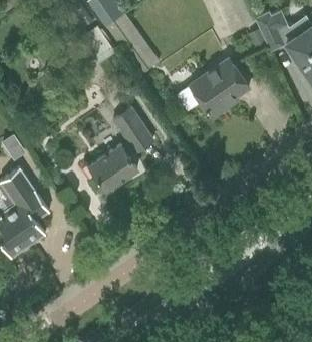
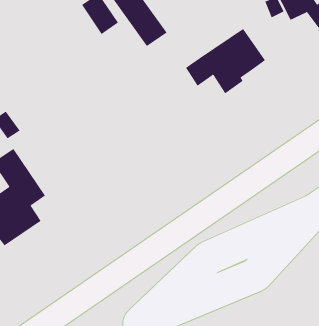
building: [88,107,153,192] -> none

